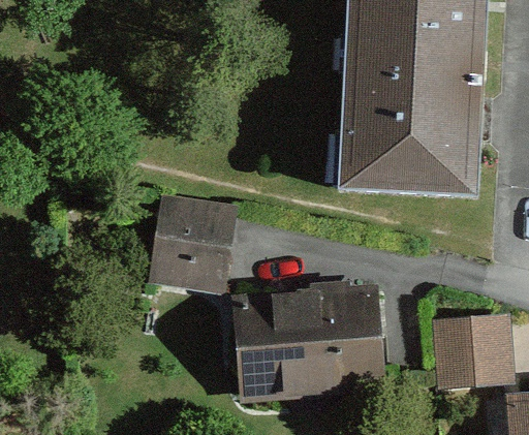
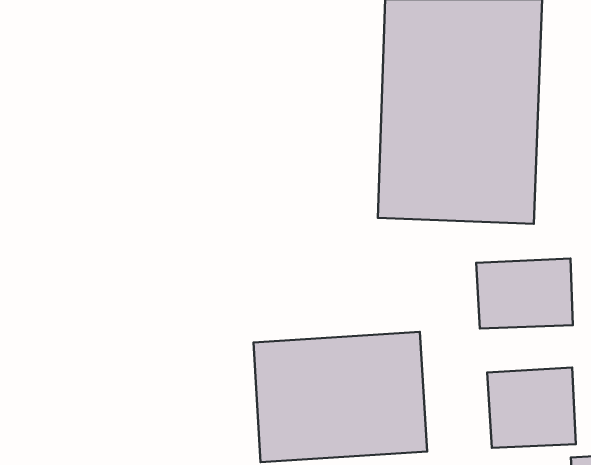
building: [152,197,232,290] -> none
building: none -> [476,259,573,328]

